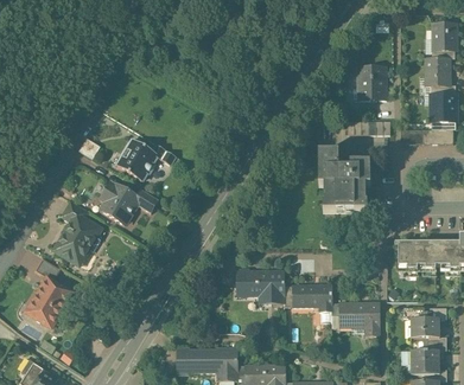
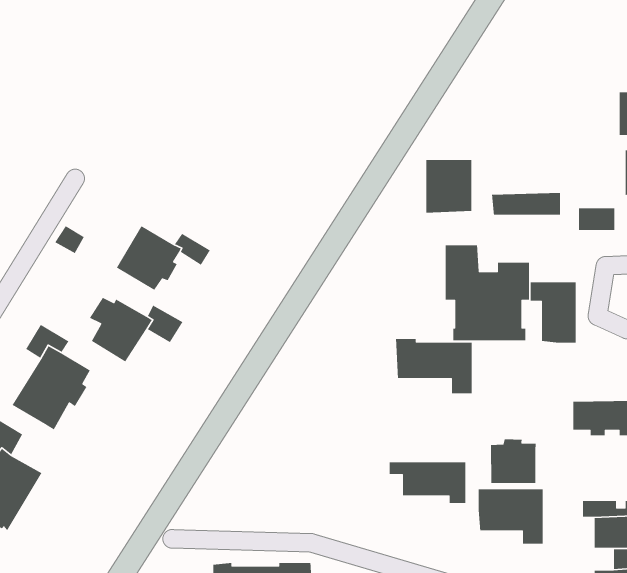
building: [358,66,387,100] -> [426,159,472,214]
building: none -> [530,281,577,343]
building: [237,268,285,302] -> [395,338,472,394]
building: none -> [490,439,537,484]

